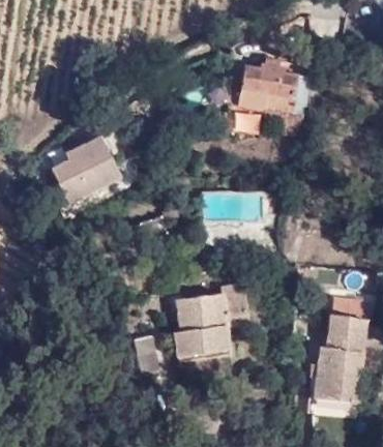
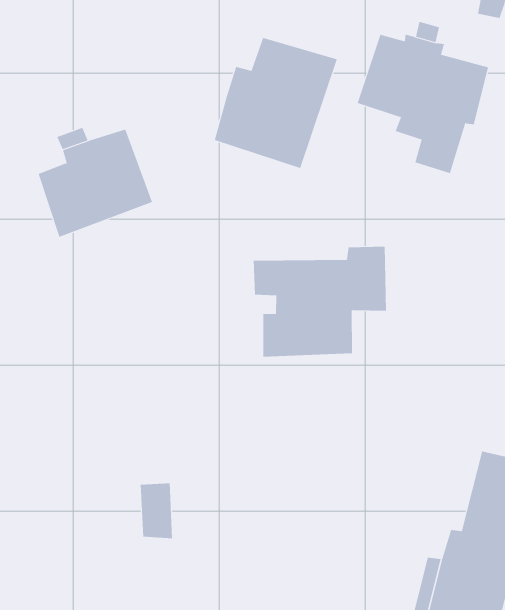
building: none -> [214,37,337,169]
building: [167,282,247,355] -> [253,246,387,357]

